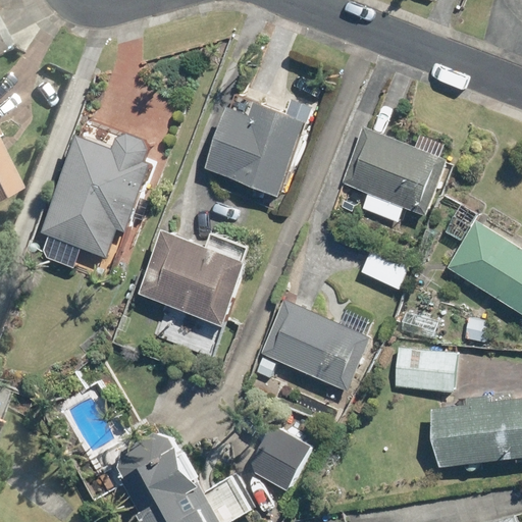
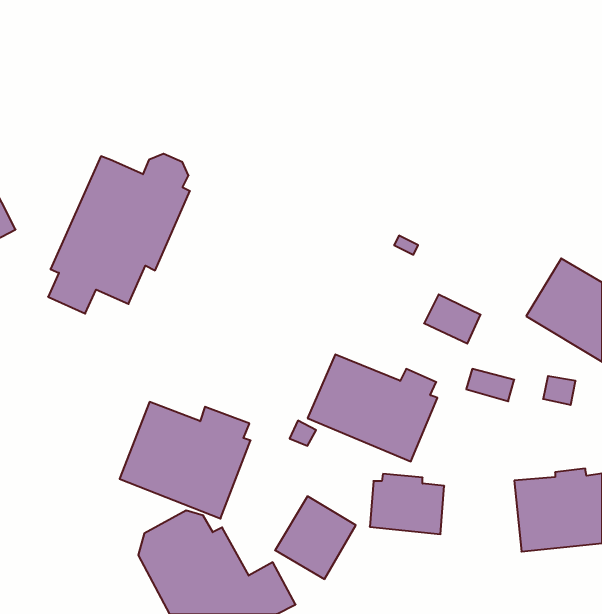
building: [207,97,314,196] -> none
building: [341,126,446,215] -> none
building: [128,226,240,325] -> [120,402,251,519]
building: [393,343,456,394] -> [370,474,444,534]

